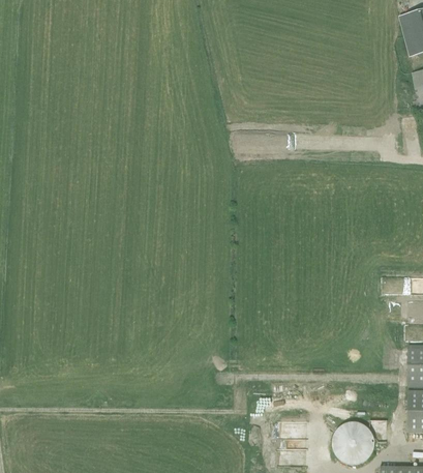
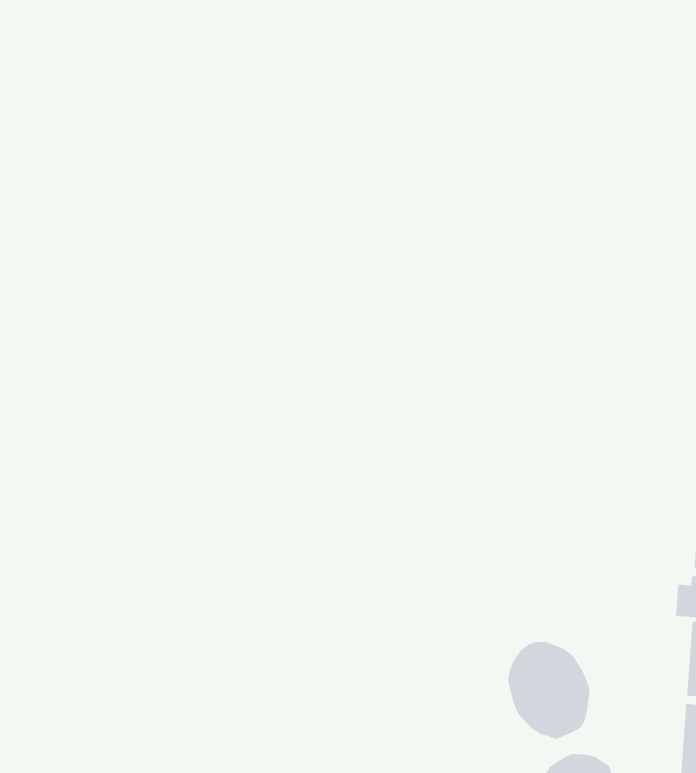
building: none -> [508,641,590,740]

